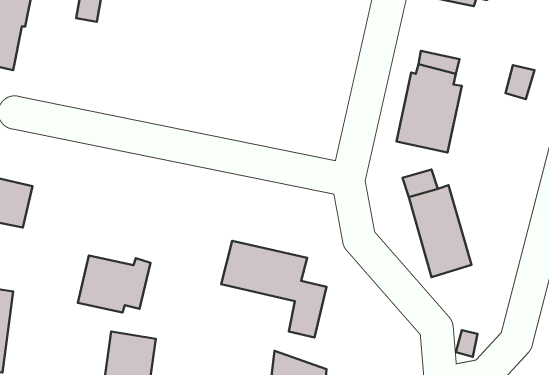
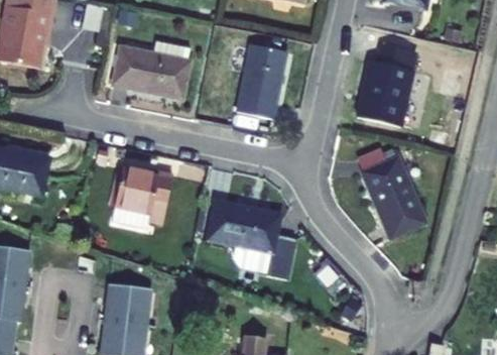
building: none -> [118,38,191,95]
building: none -> [233,44,282,120]
building: [78,256,150,312] -> [120,169,180,217]

